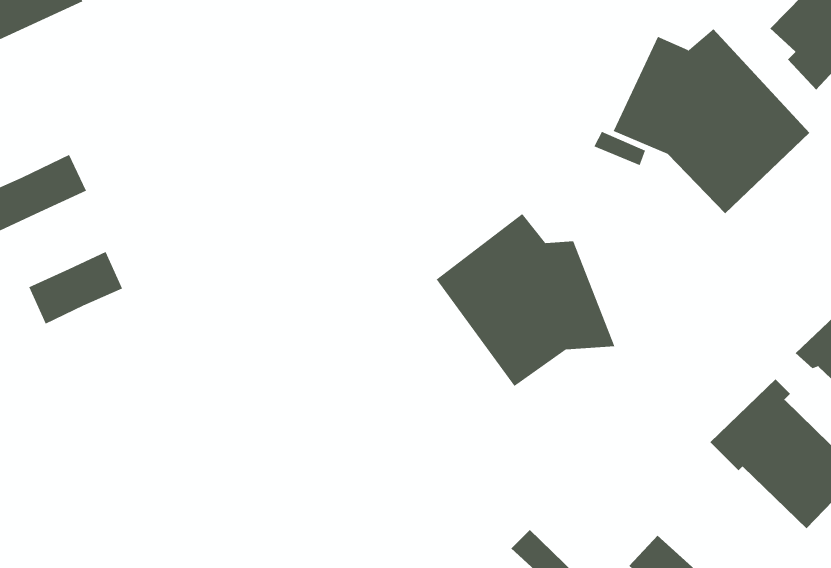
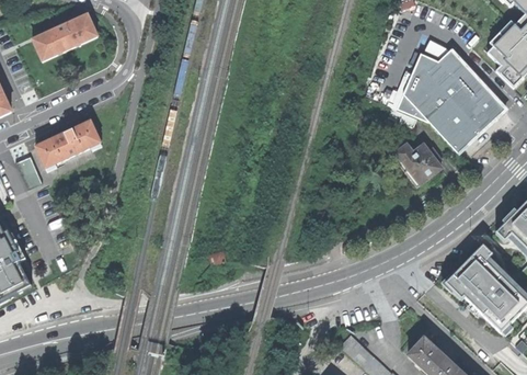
building: none -> [391,141,439,185]
building: [436,213,615,387] -> none
building: [28,251,123,325] -> none

